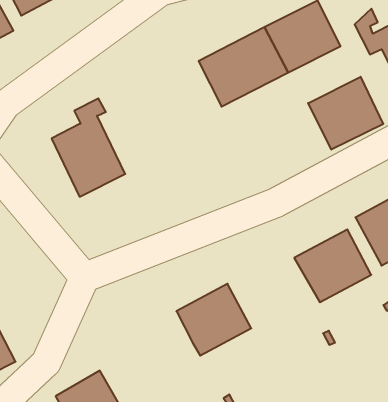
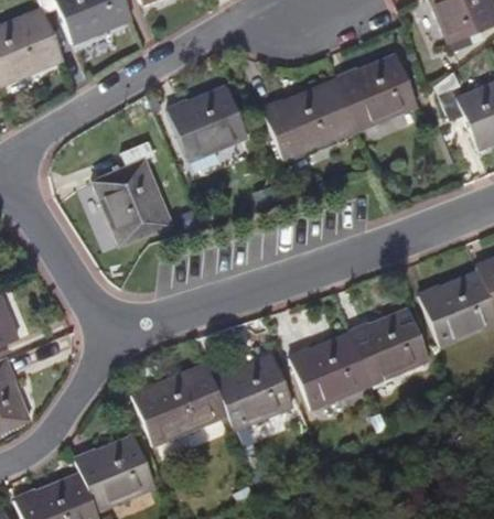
building: none -> [168,87,248,162]
building: [308,77,383,150] -> none
building: none -> [286,333,368,409]
building: none -> [130,363,226,445]

